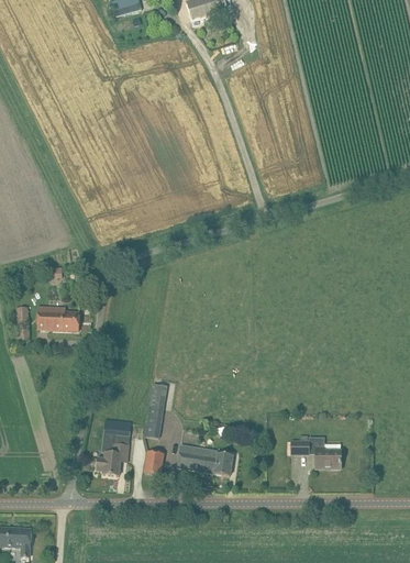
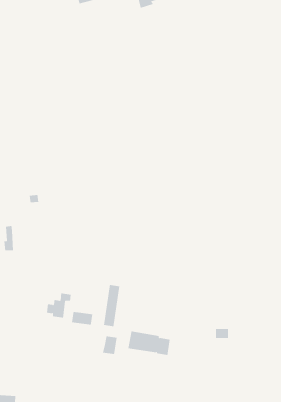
building: [37,307,79,331] -> none
building: [96,443,129,476] -> [46,293,72,318]
building: [315,443,341,468] -> none

